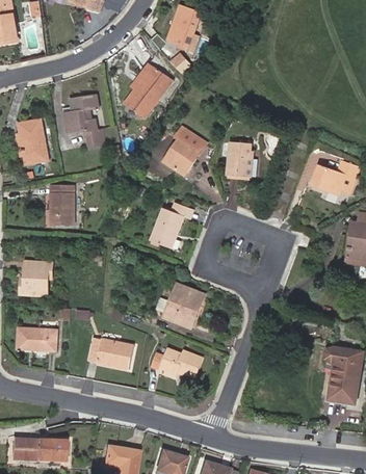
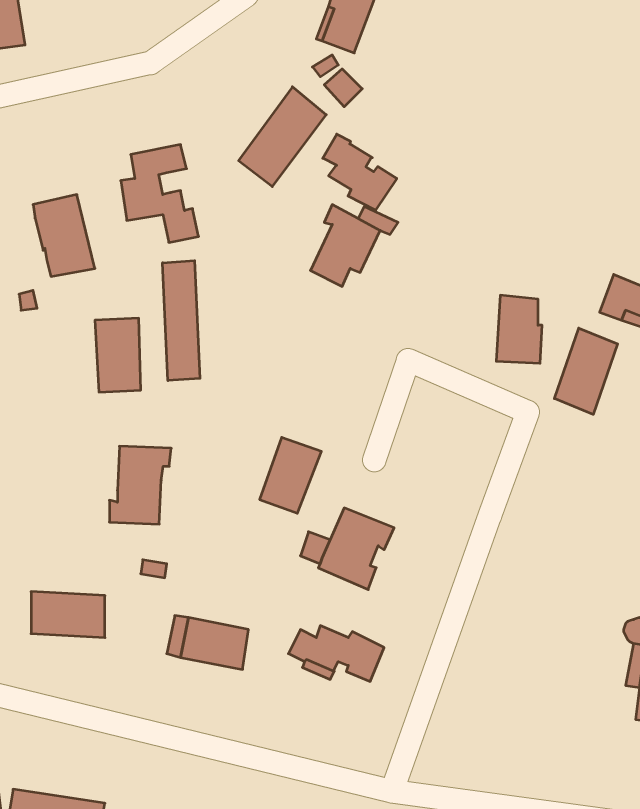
building: none -> [323,134,397,210]
building: [228,141,252,177] -> [496,295,542,363]
building: none -> [163,261,200,381]
building: none -> [554,328,618,414]
building: [152,209,184,248] -> [260,437,321,513]
building: [18,257,50,297] -> [109,446,171,524]

